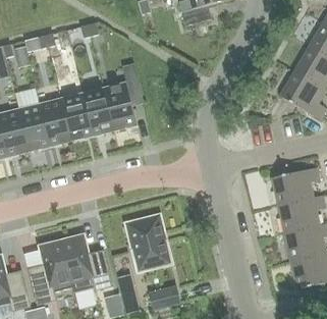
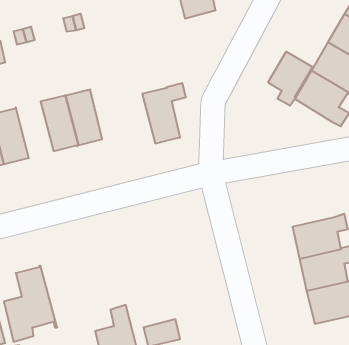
building: none -> [268,52,312,106]
building: [103,77,141,129] -> [142,83,186,143]
building: [39,97,71,146] -> none
building: [271,166,319,205] -> none
building: [127,215,171,270] -> none
building: [60,233,111,291] -> none

